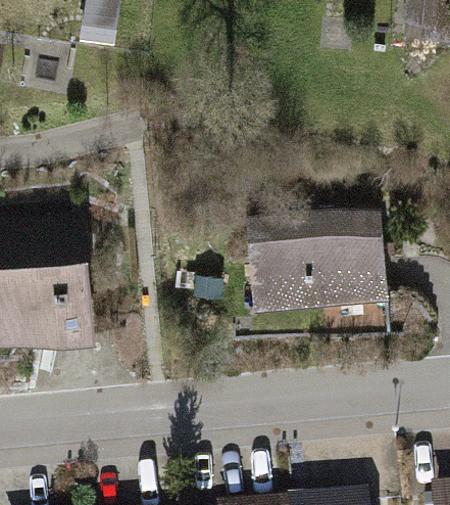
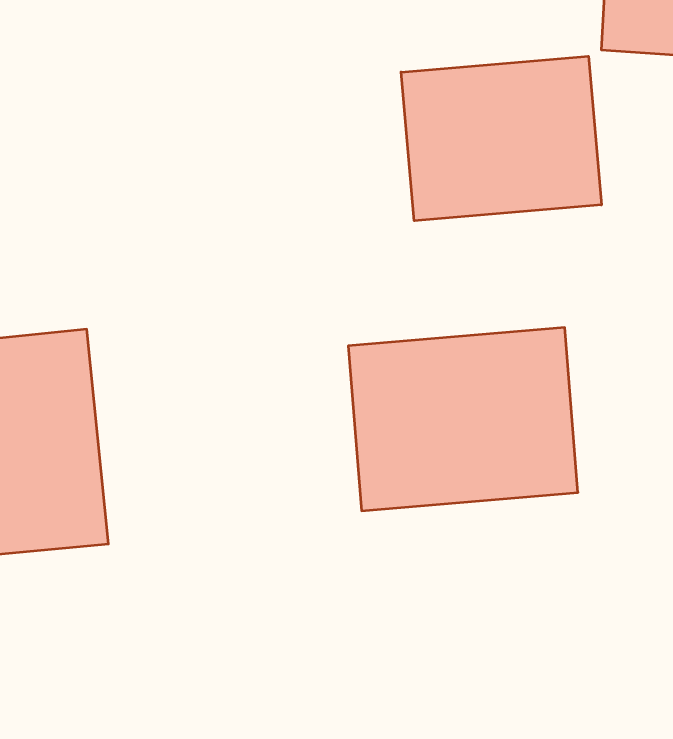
building: none -> [401,56,601,221]

